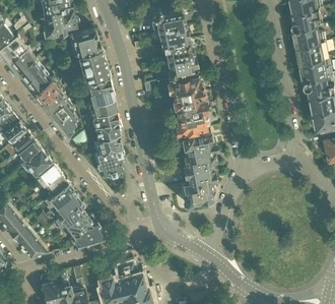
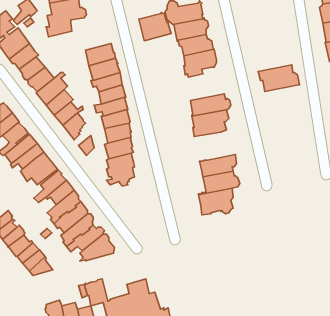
building: [72,29,102,55] -> [139,12,171,40]
building: [168,76,205,101] -> [258,65,300,92]
building: [182,131,215,155] -> none

